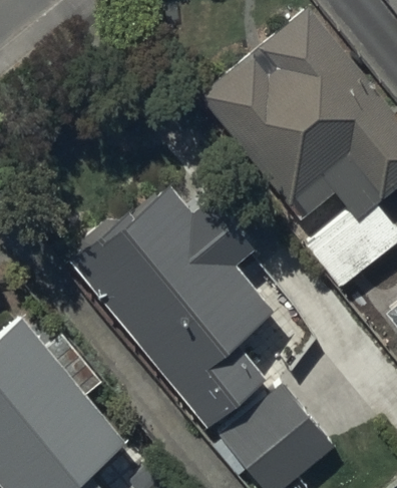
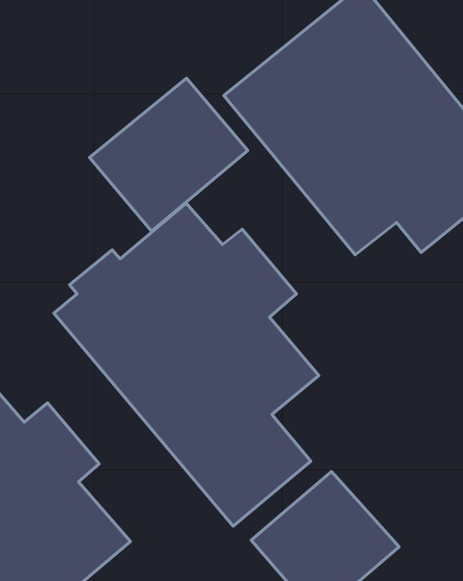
building: none -> [89,78,248,231]

